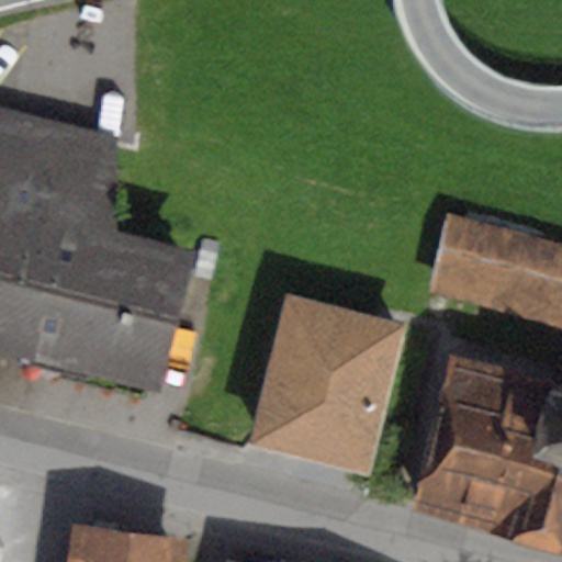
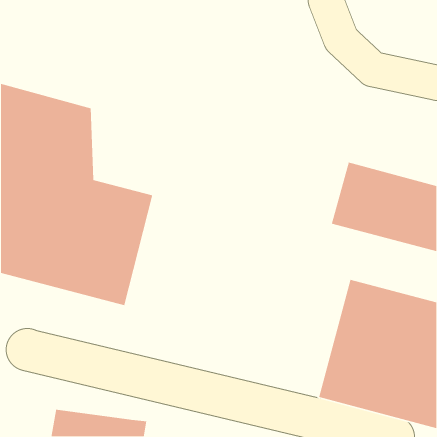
building: [247,295,406,476] -> none

